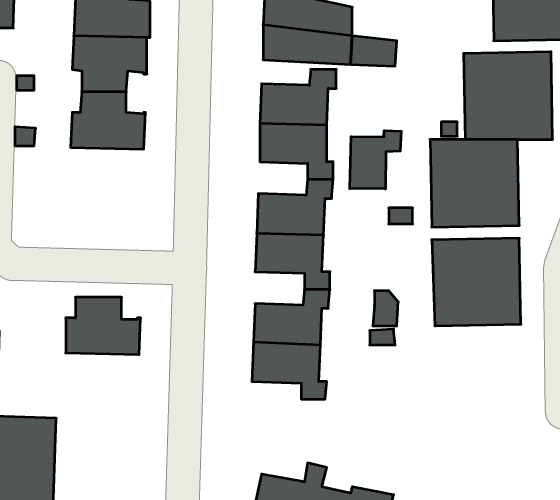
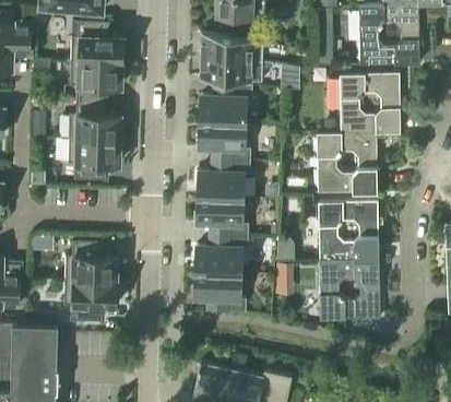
building: [350,131,401,189] -> none
building: none -> [68,140,119,180]
building: none -> [319,261,379,321]
building: none -> [64,281,117,322]

